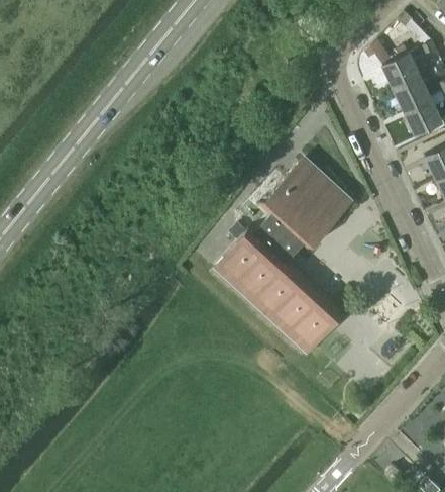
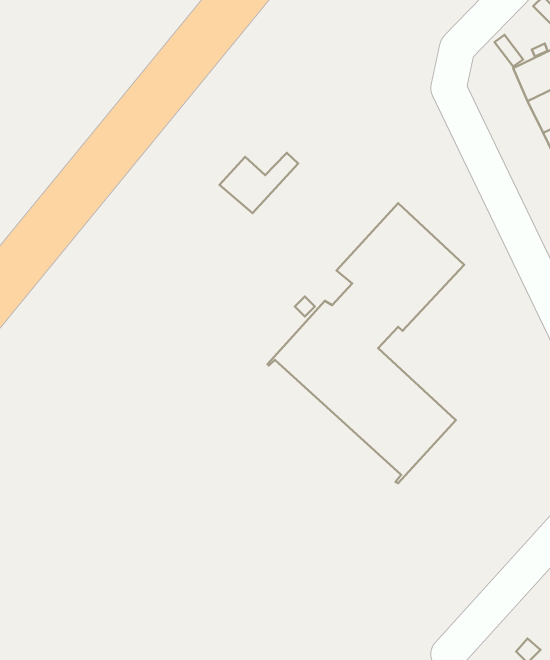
building: none -> [220,153,298,213]

